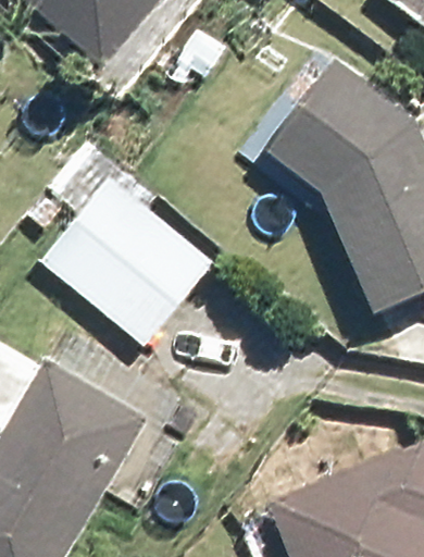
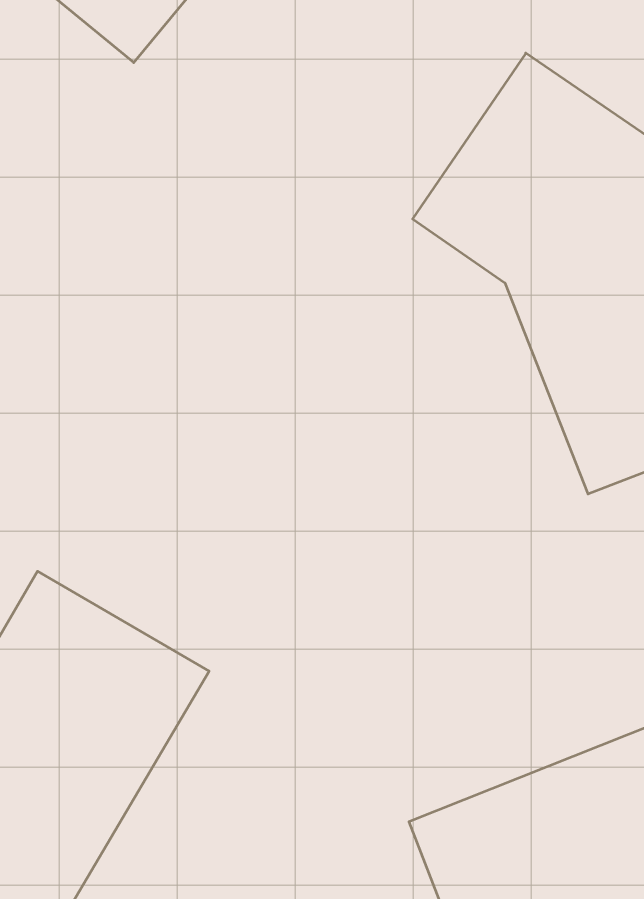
building: [41,177,212,344] -> none

